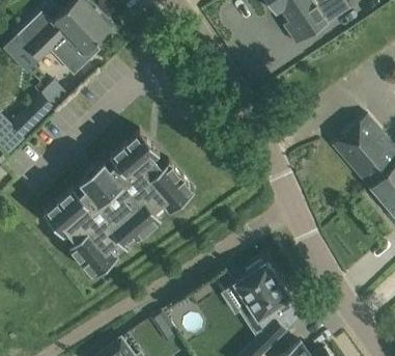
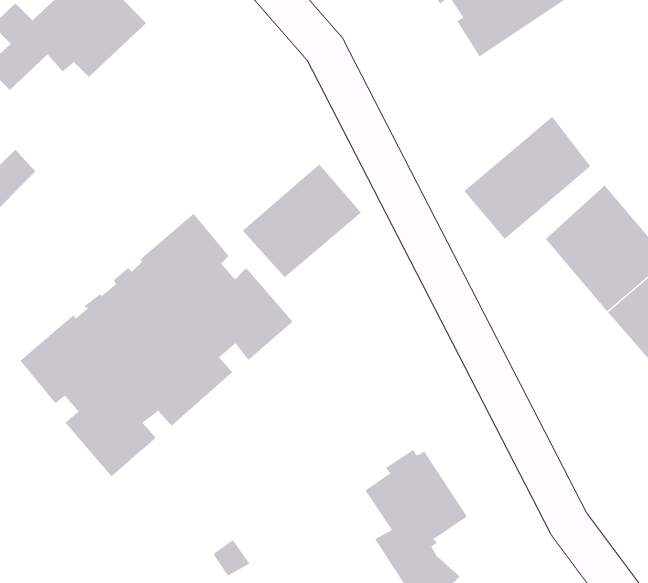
building: none -> [463,116,591,240]
building: none -> [242,163,362,278]

